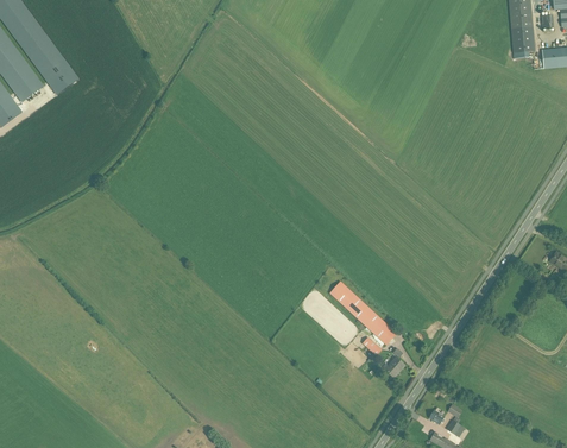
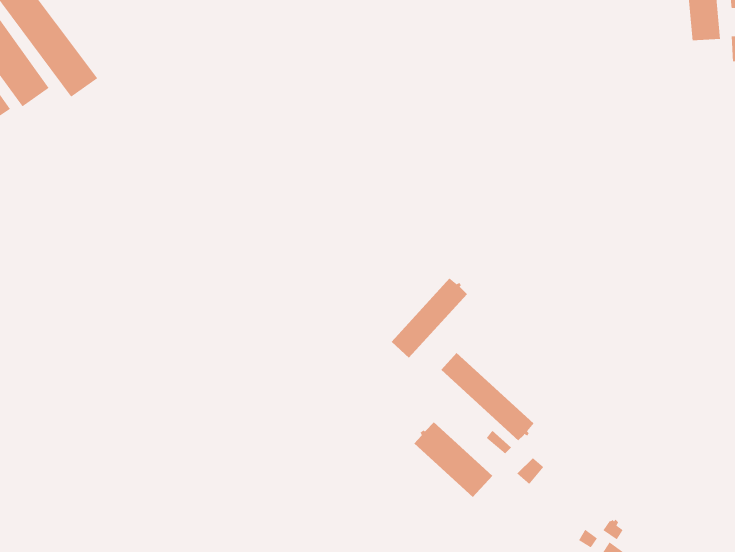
building: none -> [391,278,468,358]
building: none -> [414,422,493,498]

